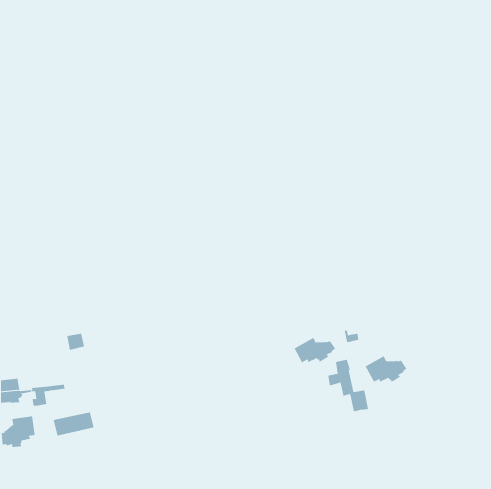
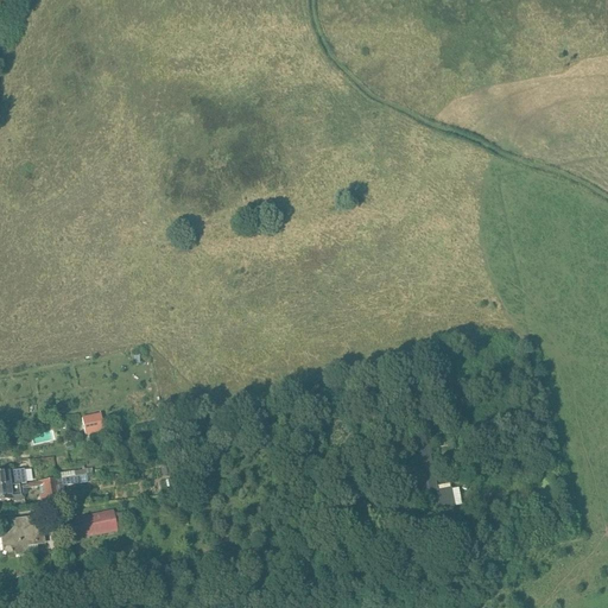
building: [294,337,336,363] -> none
building: [365,355,407,383] -> none

